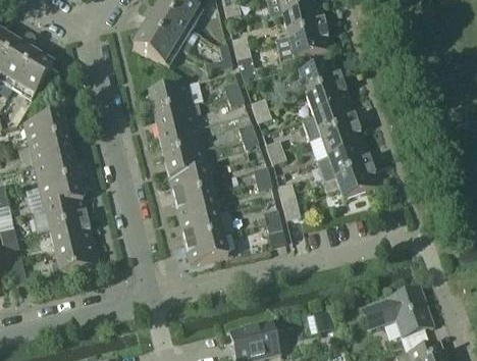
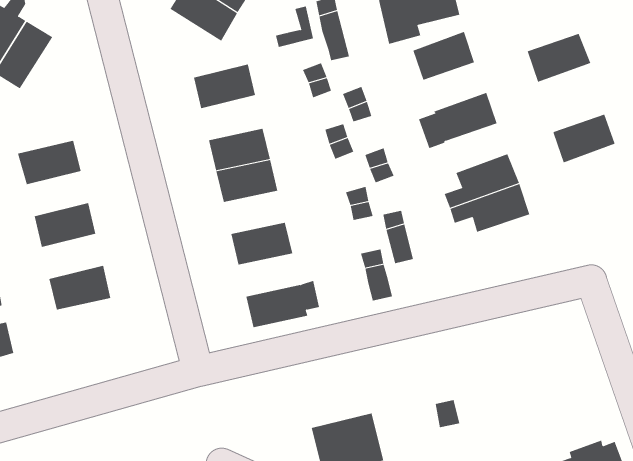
building: [306,81,350,114] -> [527,33,591,83]
building: [154,102,200,134] -> none
building: [23,112,67,143] -> none
building: [321,122,364,156] -> [553,114,615,163]
building: [35,155,77,186] -> none
building: [169,168,212,198] -> none
building: [45,198,88,228] -> none
building: [179,211,222,241] -> none
building: [51,242,98,273] -> none
building: [362,286,433,347] -> none

